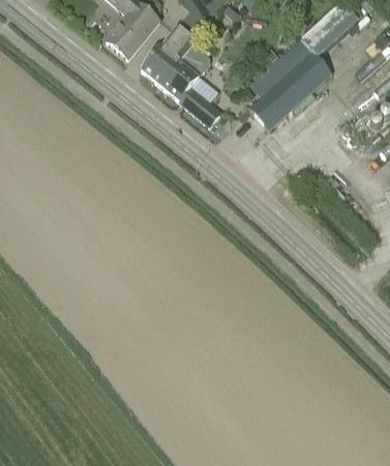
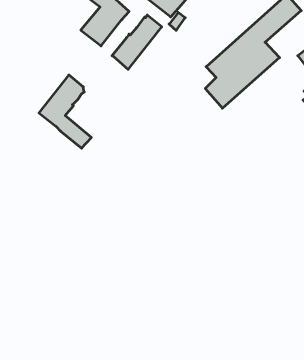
building: [160,43,220,127] -> [39,75,91,148]

